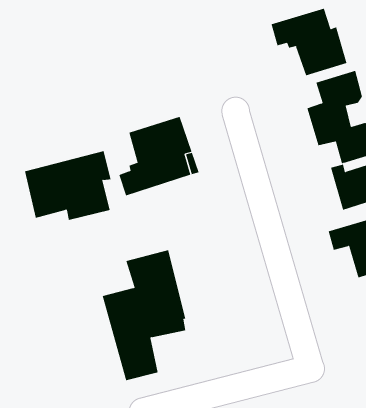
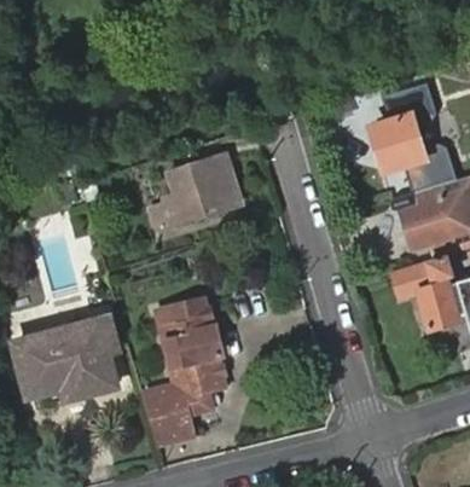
building: [271,8,347,76] -> none
building: [24,151,111,220] -> [14,318,117,400]

